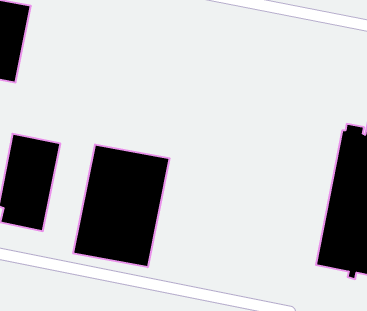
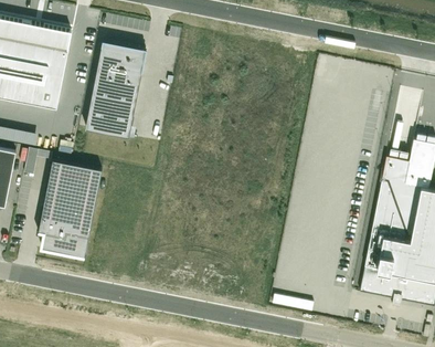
building: none -> [86,42,146,137]
building: [73,144,170,267] -> none

